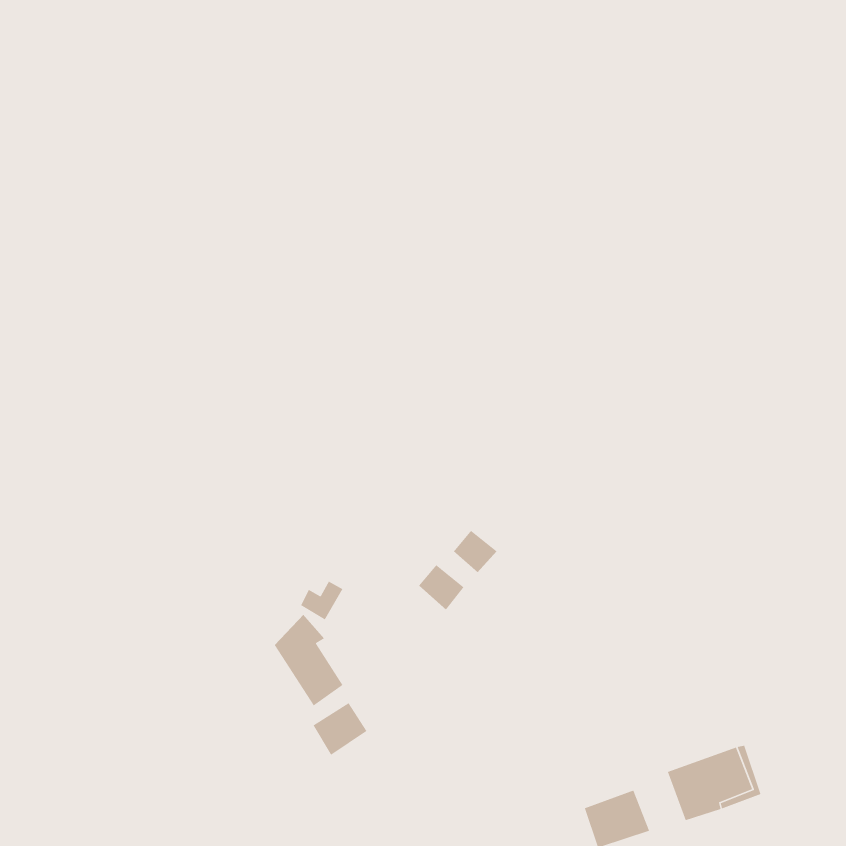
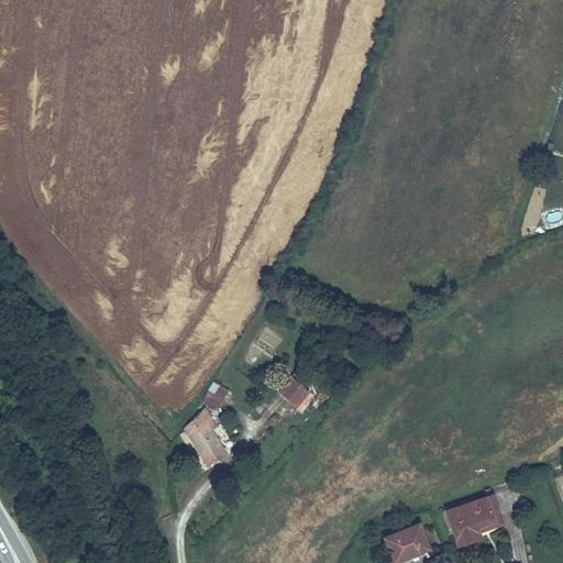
building: [453,530,497,573] -> none
building: [312,702,367,756] -> none

